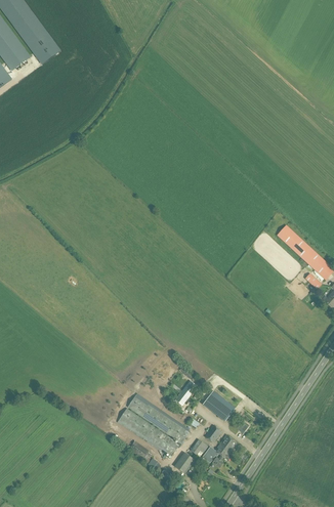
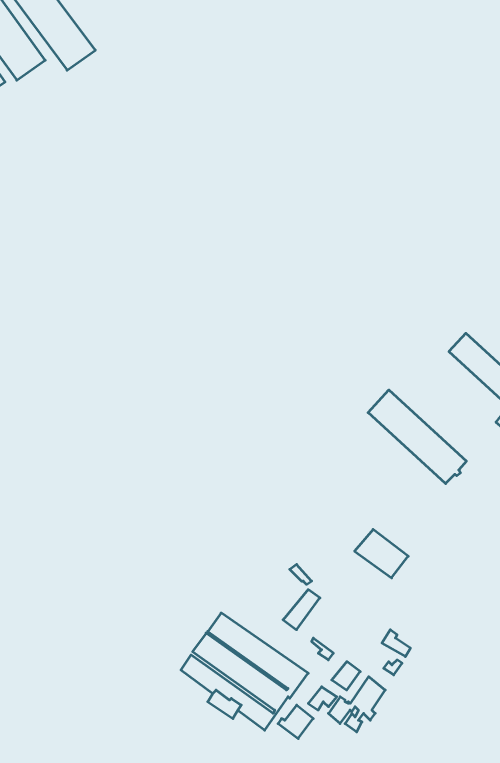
building: none -> [368,390,466,484]
building: [202,390,235,420] -> [355,529,408,578]

